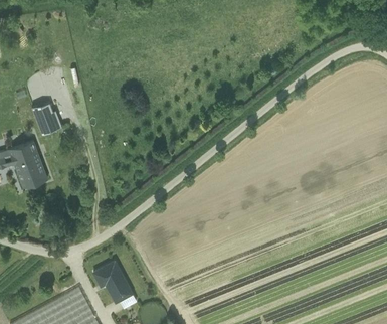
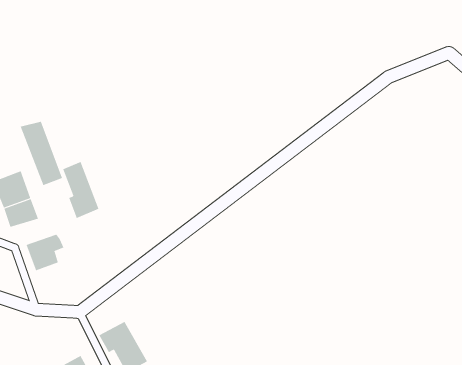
building: none -> [63,161,99,219]
building: none -> [26,234,64,271]

